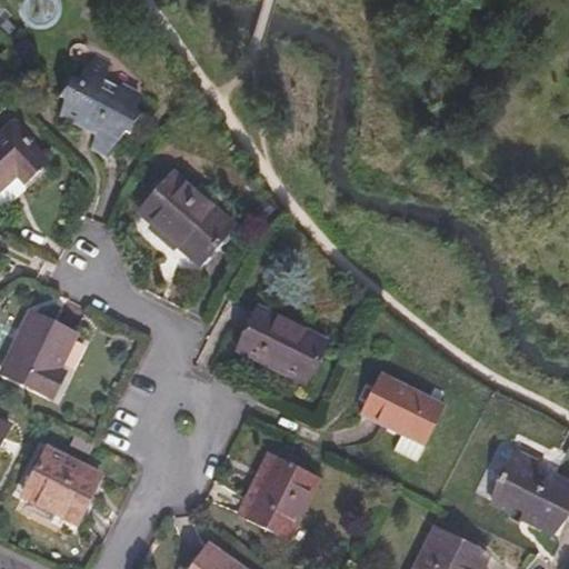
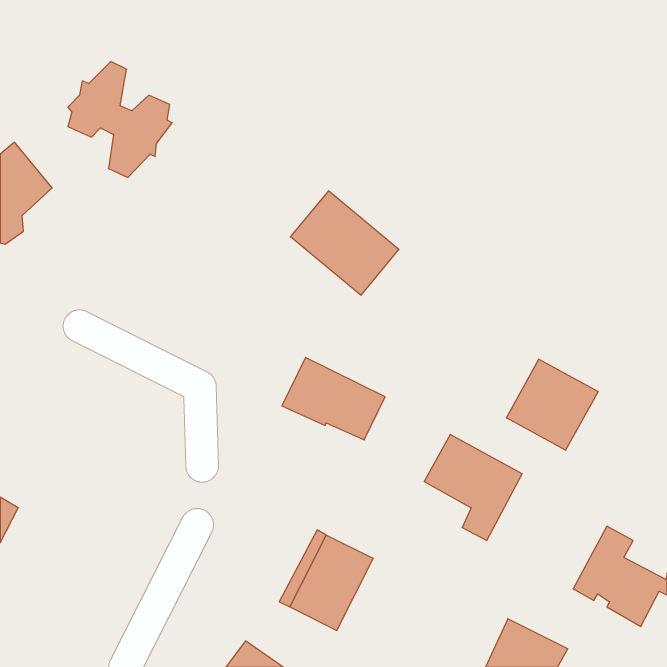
building: [137,170,229,259] -> [291,191,399,295]
building: none -> [506,359,598,450]
building: [6,312,74,396] -> none
building: [21,449,97,521] -> none

